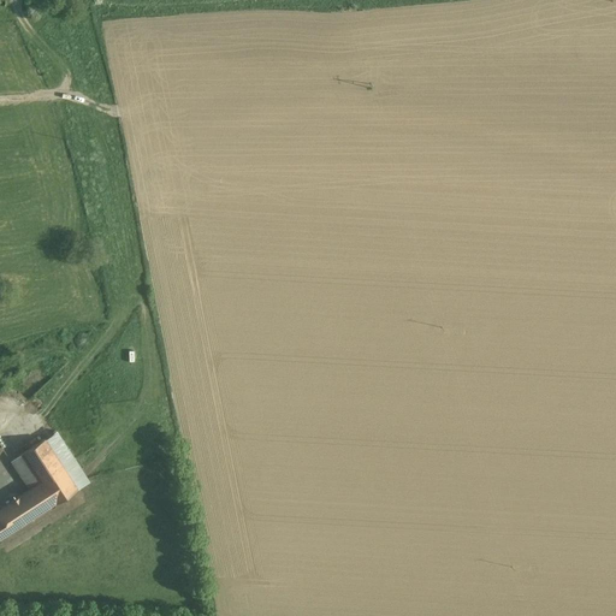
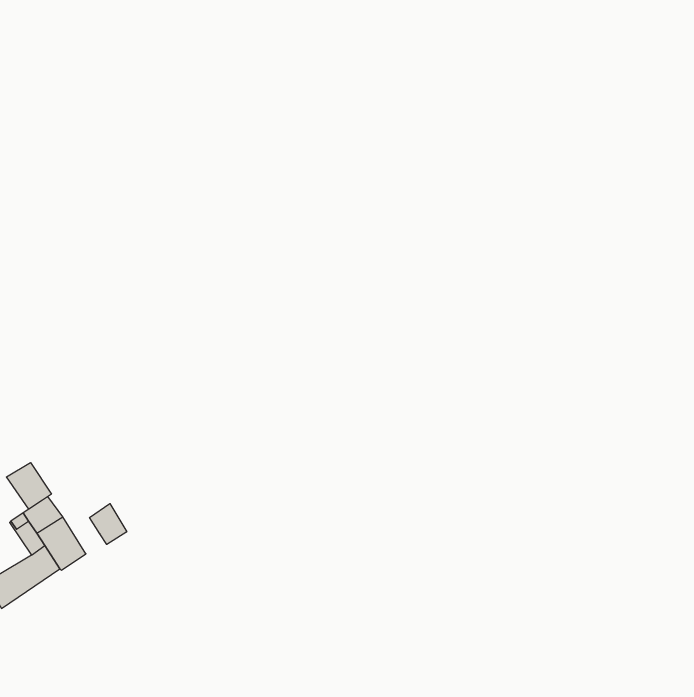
building: none -> [6,463,51,509]
building: none -> [90,504,127,544]

